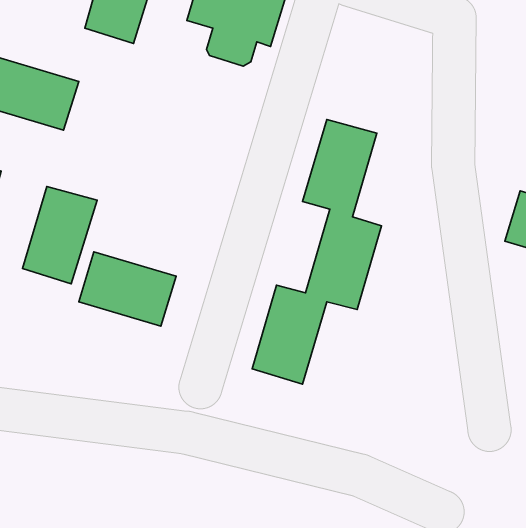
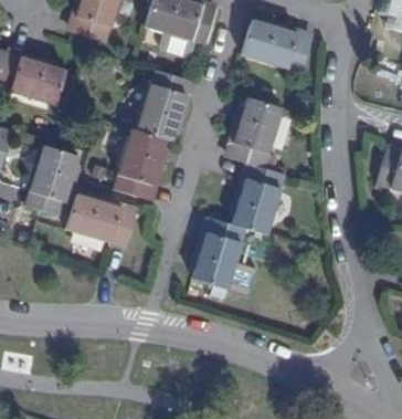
building: none -> [242,19,313,73]
building: none -> [114,70,190,199]

